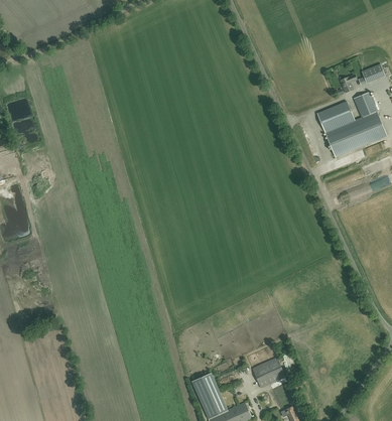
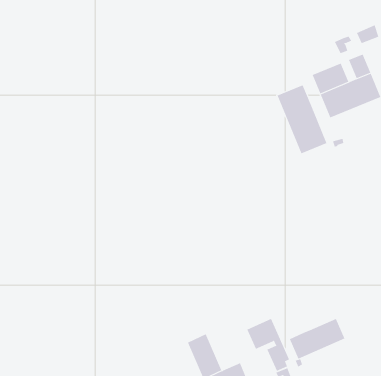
building: none -> [277,85,327,154]
building: none -> [289,318,345,359]

